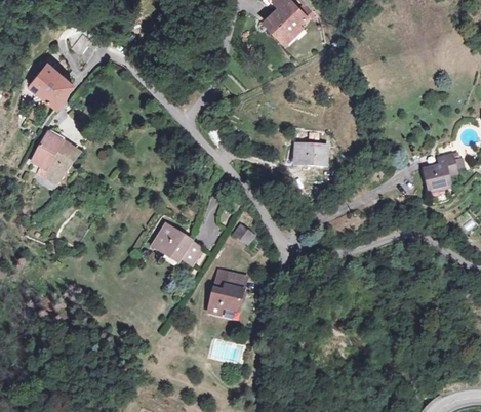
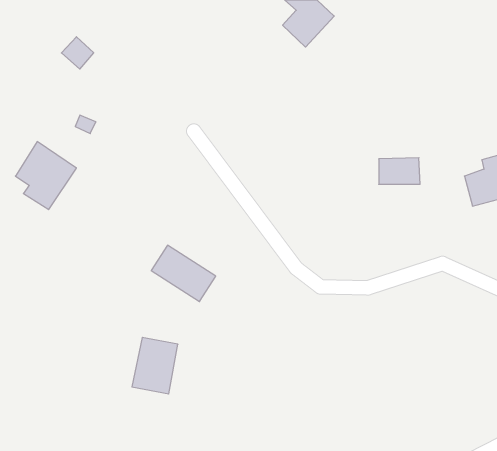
building: [28,58,76,106] -> none
building: [292,141,329,165] -> [379,158,420,184]
building: [206,266,247,317] -> [132,337,178,394]

